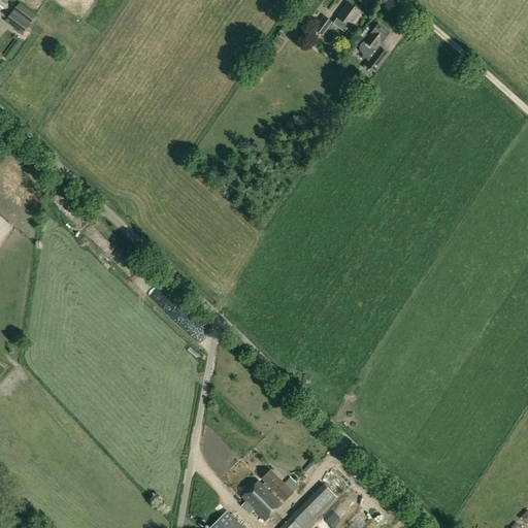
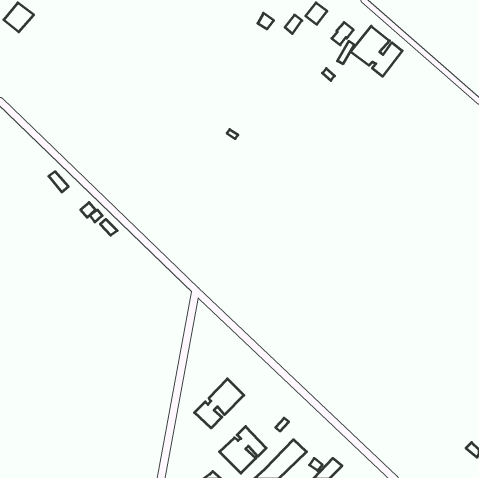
building: none -> [351,26,402,76]
building: none -> [194,379,244,428]

